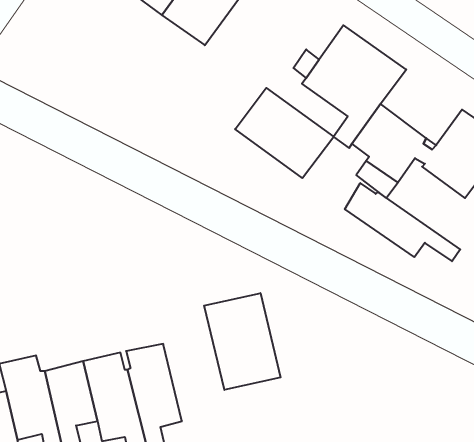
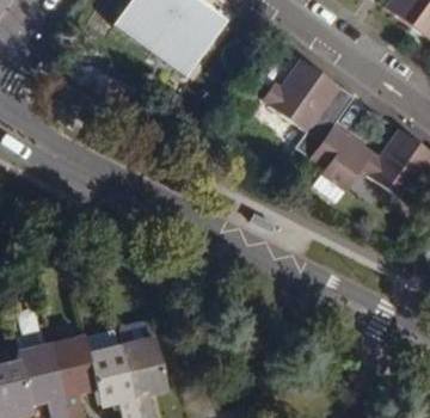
building: [235,88,334,178] -> none
building: [345,183,460,261] -> none
building: [204,293,281,390] -> none

